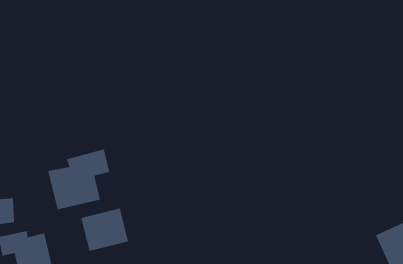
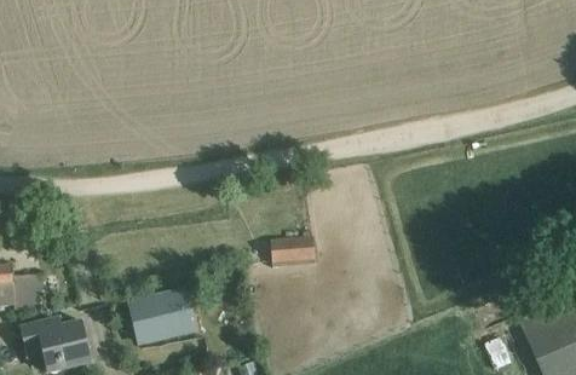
building: [48,149,110,210] -> none
building: none -> [270,236,315,264]

